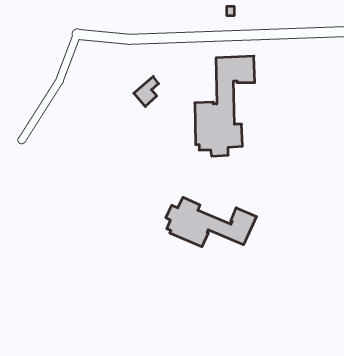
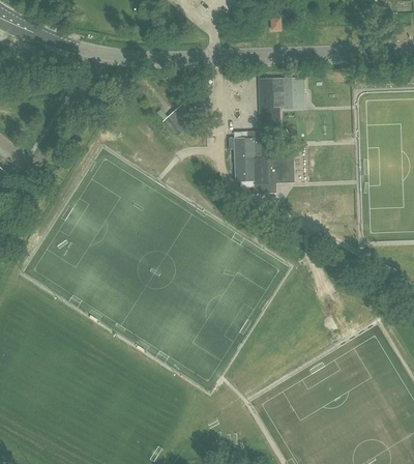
building: [166,197,257,247] -> none

